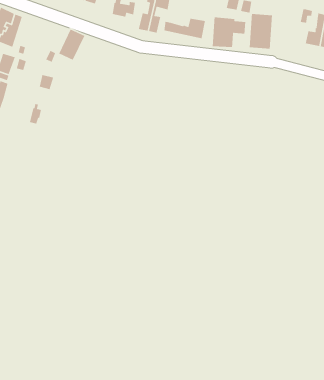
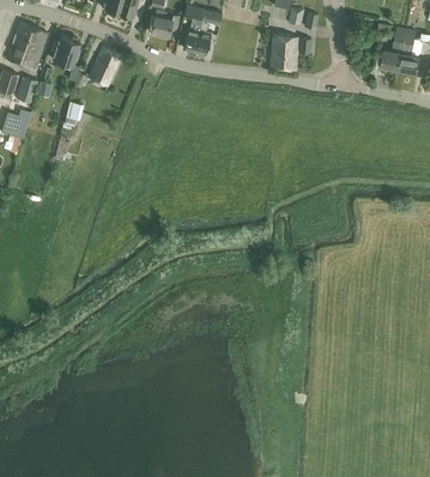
building: [249,13,273,50] -> none
building: [163,18,206,39] -> none
building: none -> [52,35,79,66]

